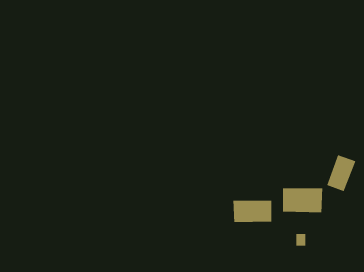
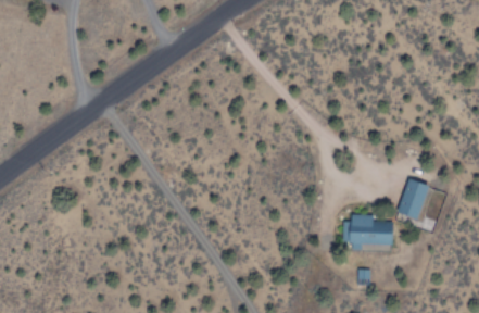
building: [233,200,272,223] -> none

